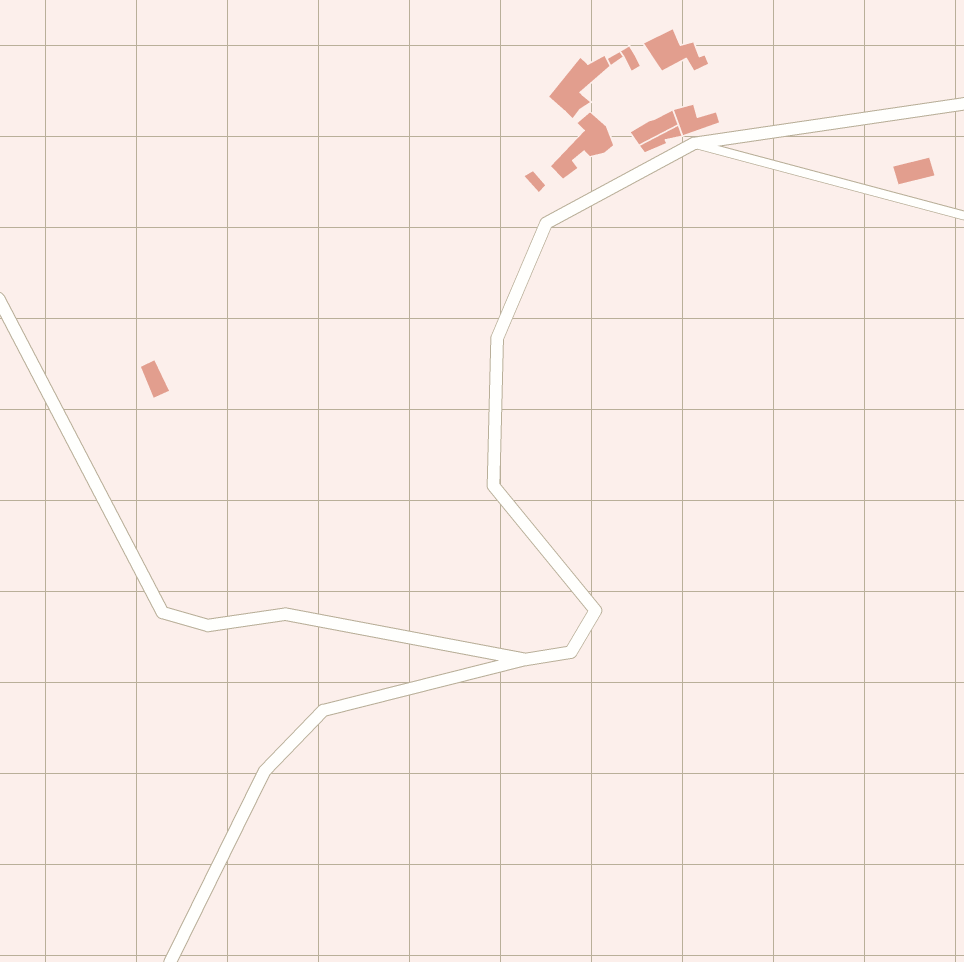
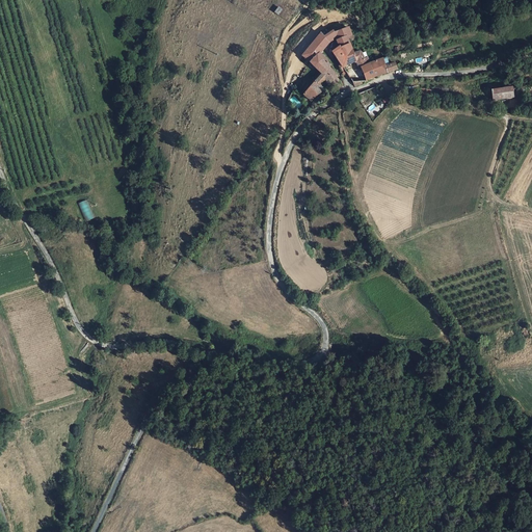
building: [643,28,709,72] -> [331,42,368,65]

